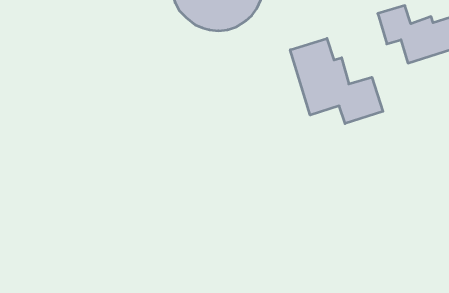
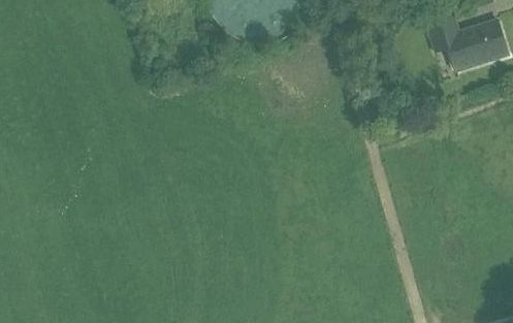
building: [290,38,383,124] -> none

